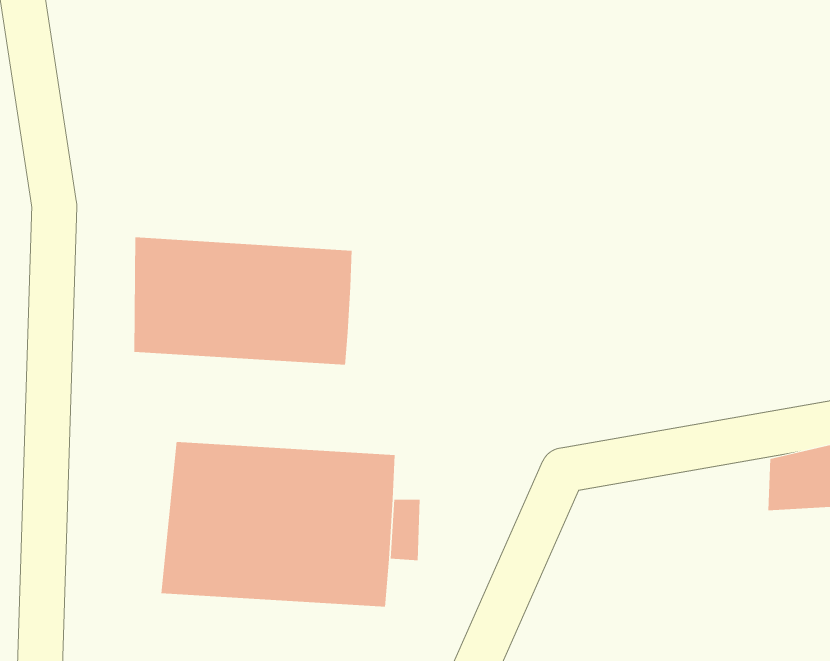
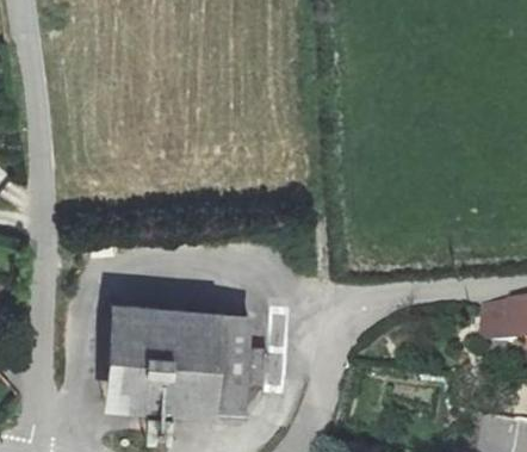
building: [134,237,352,366] -> none

